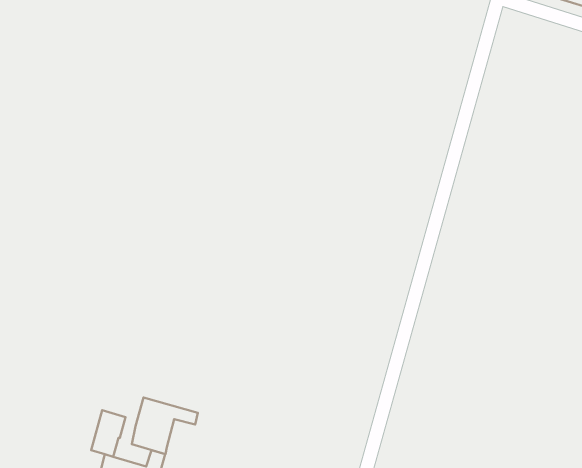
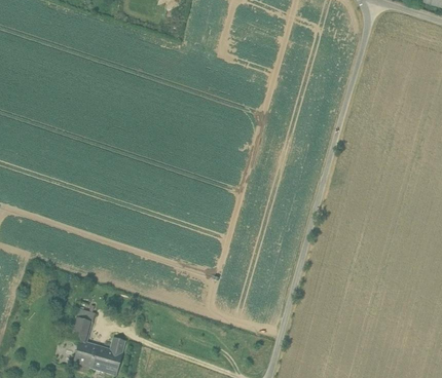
building: [132,398,198,454] -> none

